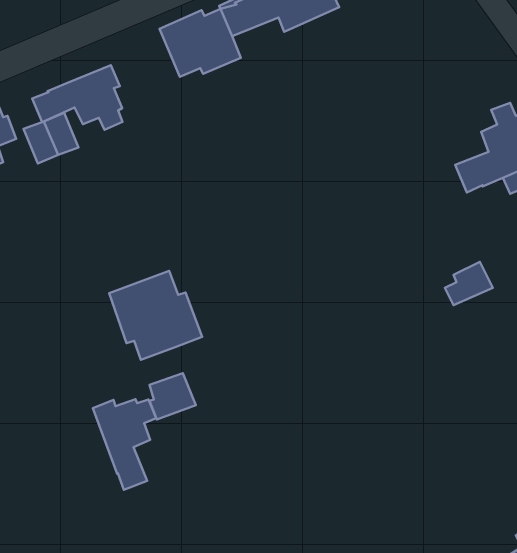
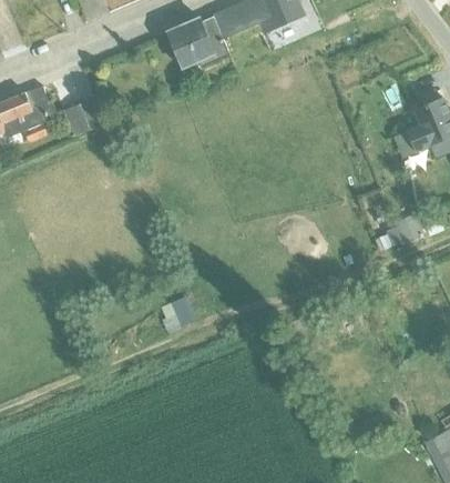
building: [32,65,123,130] -> none
building: [109,271,202,360] -> none
building: [93,399,156,490] -> none

